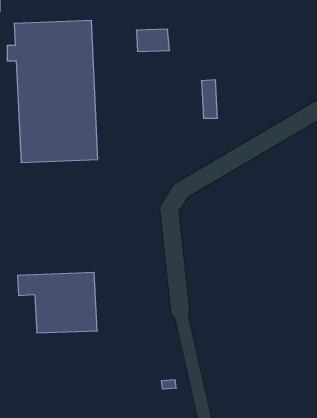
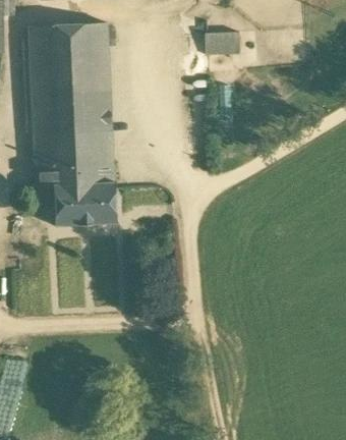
building: [136,29,170,51] -> [205,32,238,54]
building: [18,272,97,333] -> [36,163,116,224]

